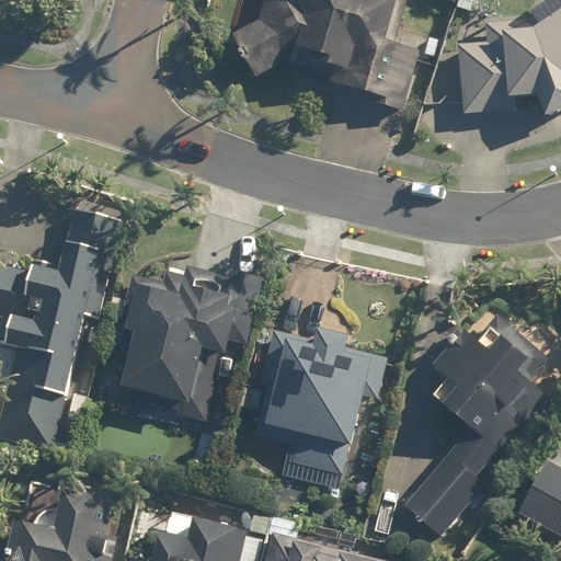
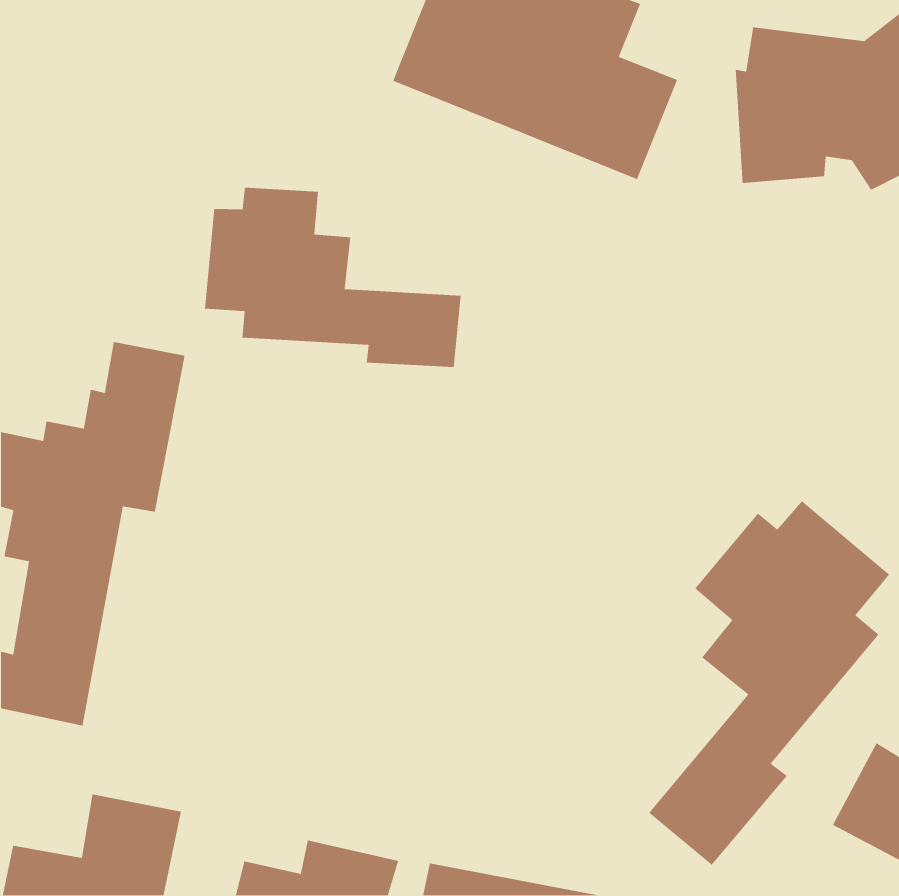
building: none -> [204,187,462,368]
building: [119,259,242,402] -> none
building: [253,325,389,474] -> none

